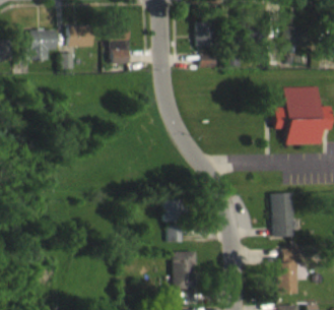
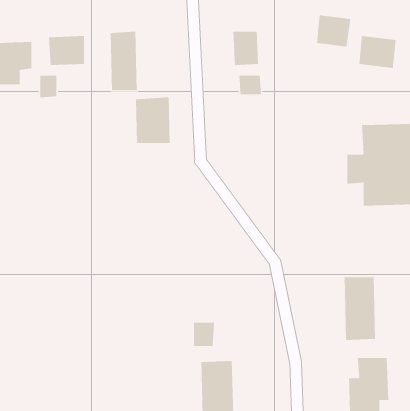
building: none -> [316,14,351,47]
building: none -> [135,96,171,144]
building: [163,199,182,221] -> none

